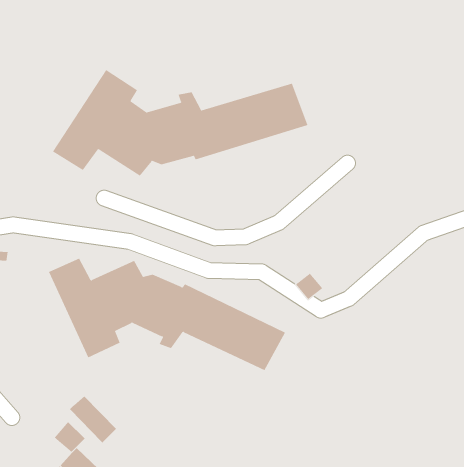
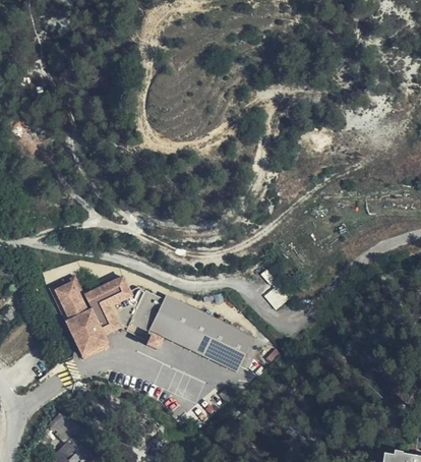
building: [52,69,308,177] -> none
building: [69,395,117,444] -> none

